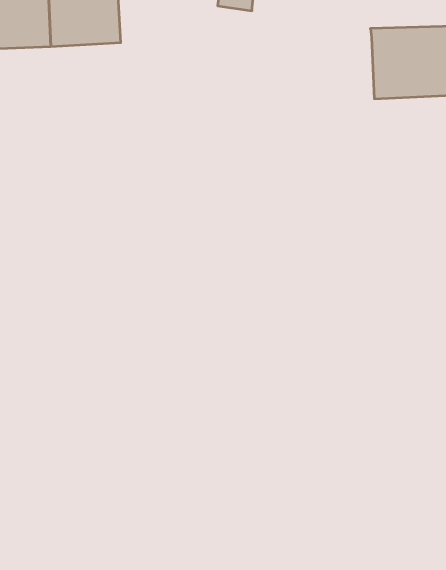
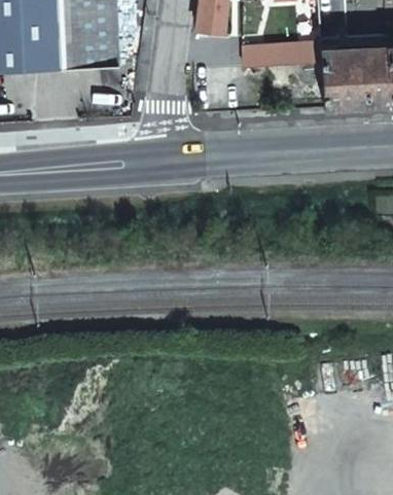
building: none -> [237,34,320,60]

